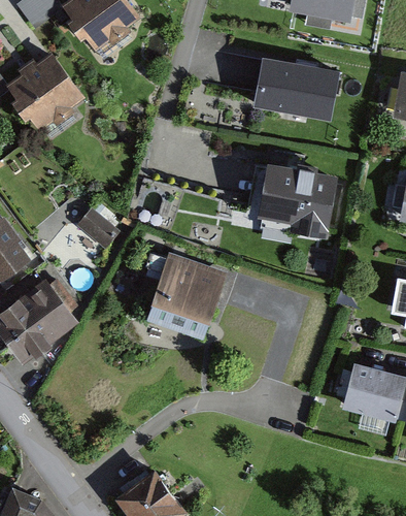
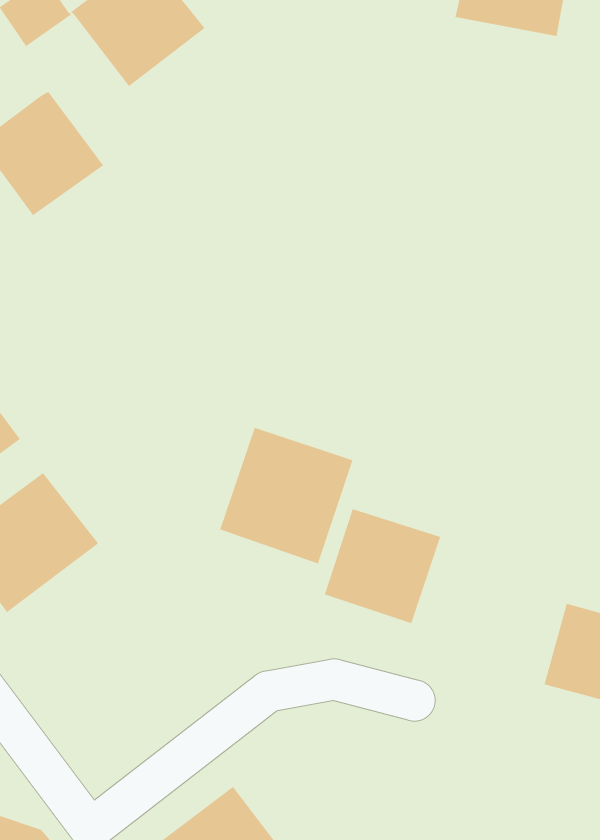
building: [250,56,338,122] -> none
building: [248,166,336,229] -> none
building: [75,207,120,250] -> none
building: none -> [324,508,441,624]

